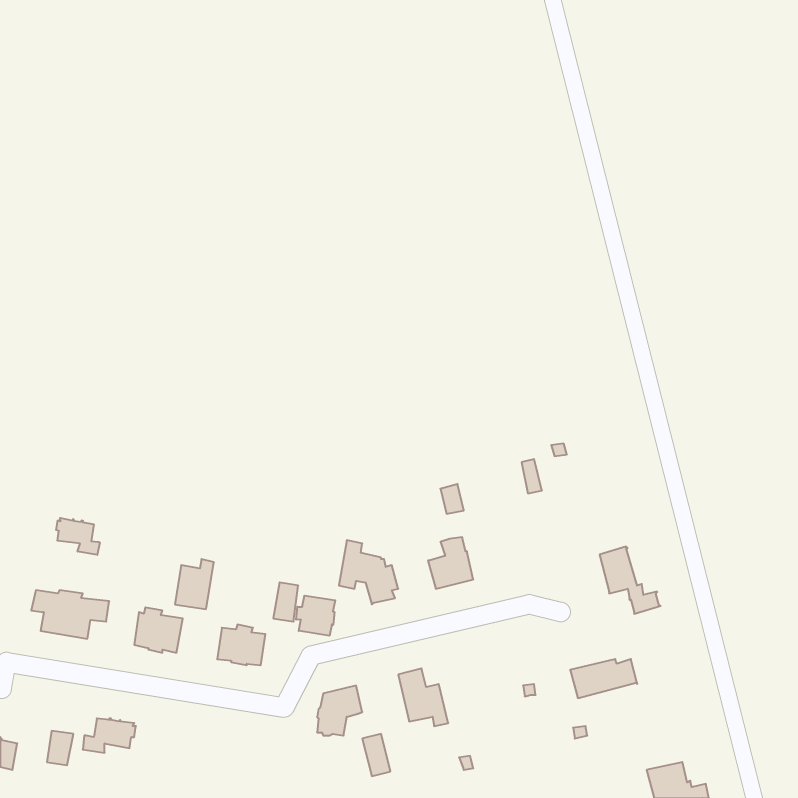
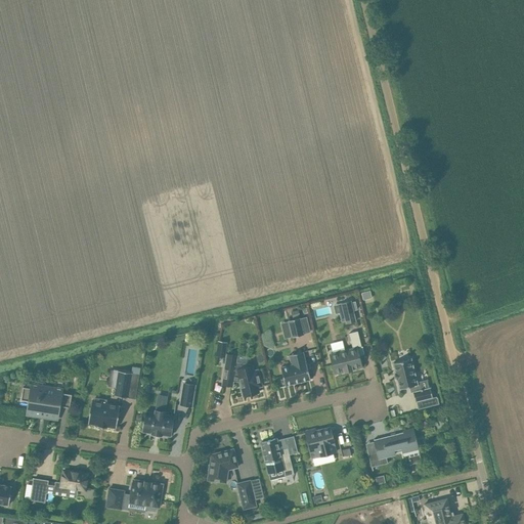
building: none -> [330,331,363,374]
building: [56,518,100,555] -> none
building: [296,596,335,636] -> none
building: none -> [305,429,337,458]
building: none -> [106,479,163,511]

